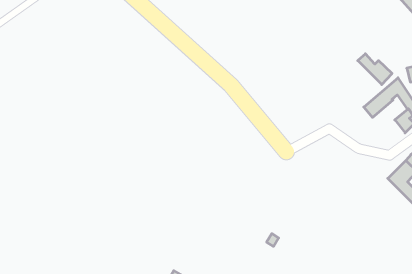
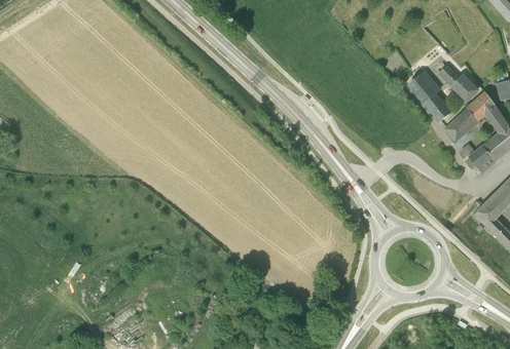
building: none -> [409,70,452,121]
building: none -> [463,144,496,172]

